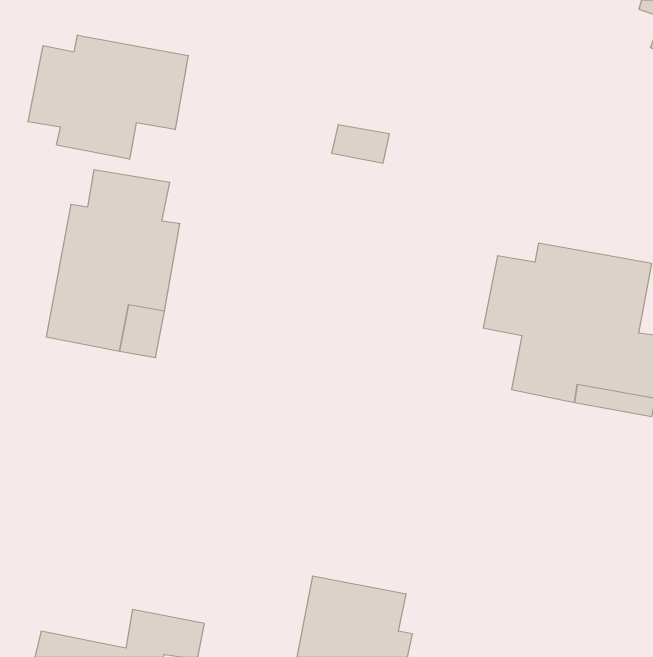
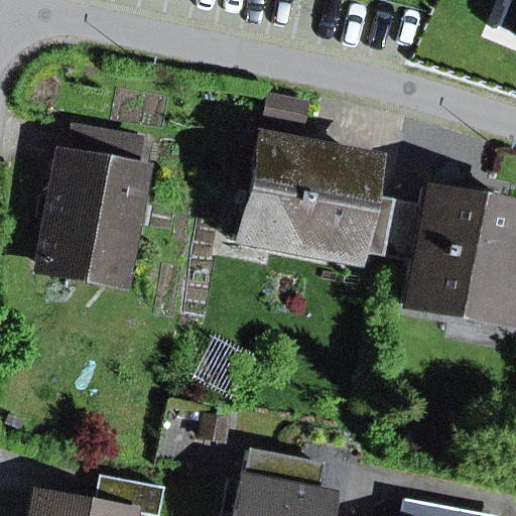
building: [28,35,188,159] -> none
building: none -> [245,138,393,257]

